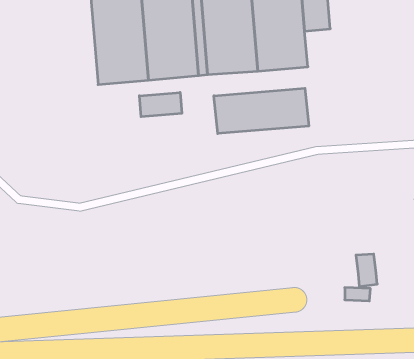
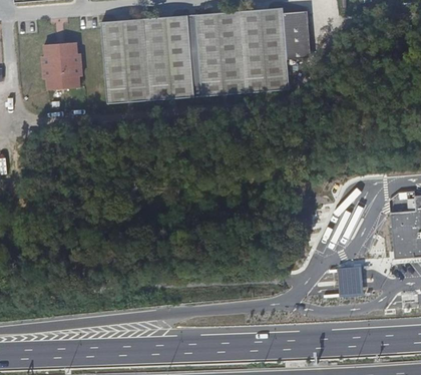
building: none -> [38,42,83,94]
building: [214,88,309,134] -> none
building: [139,92,182,117] -> none

